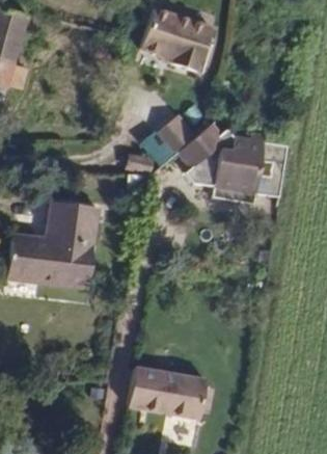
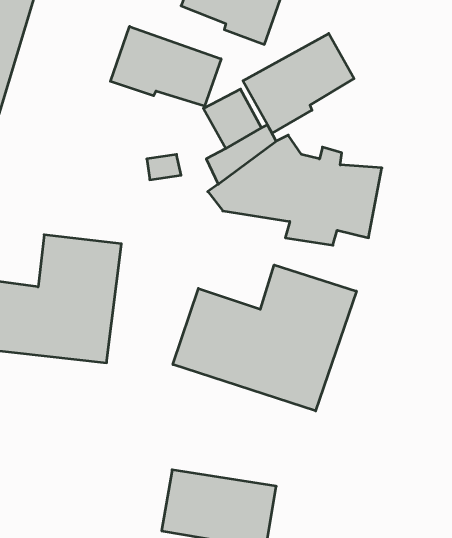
building: none -> [110,26,221,106]
building: none -> [243,33,354,133]
building: none -> [173,265,356,411]

